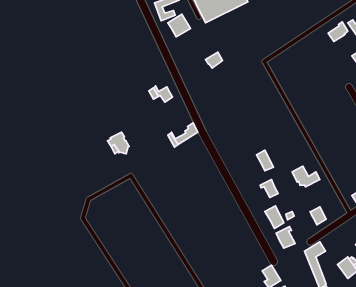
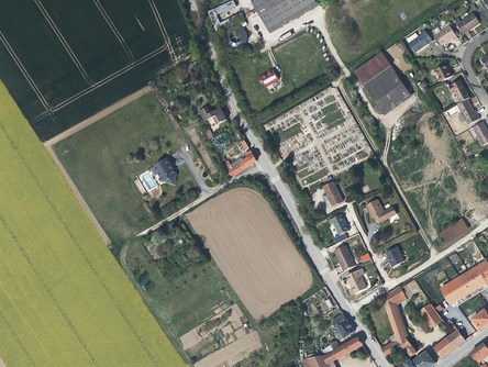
building: none -> [354,53,412,116]

